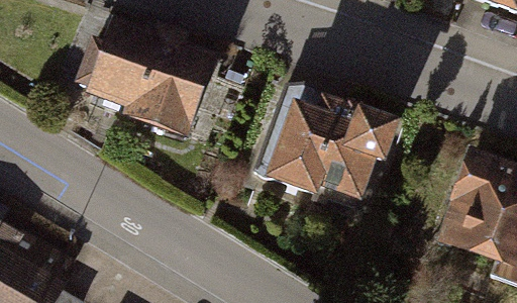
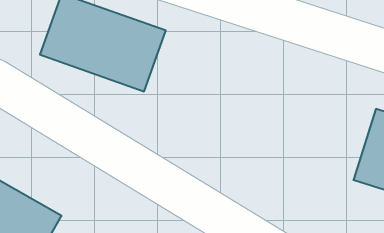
building: [261,84,399,205] -> none

